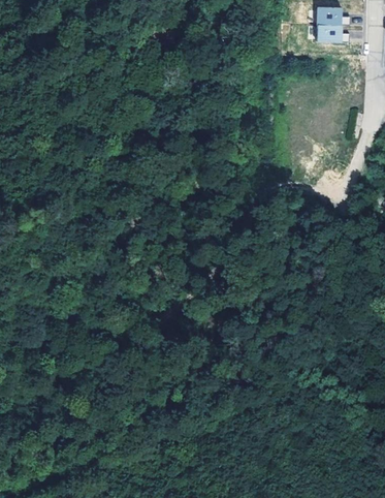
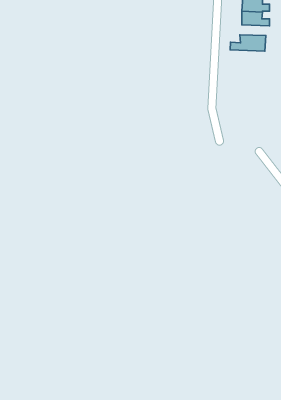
building: none -> [230,35,266,51]

